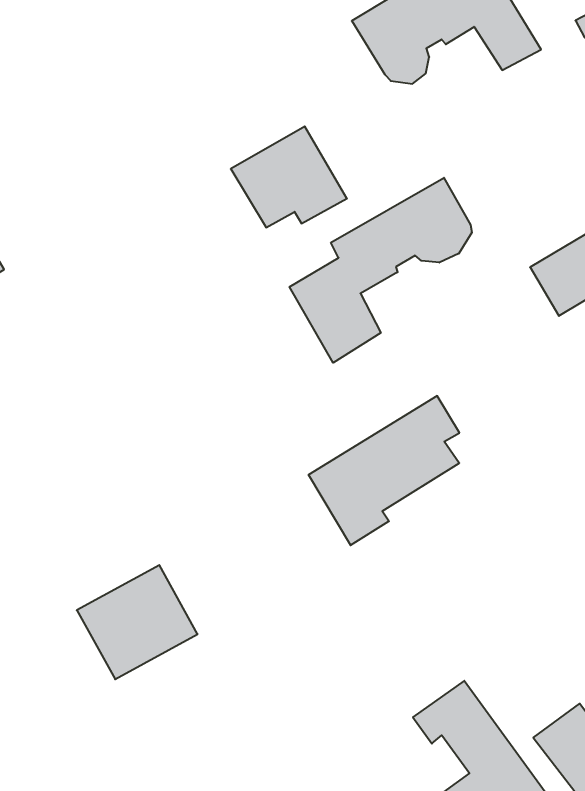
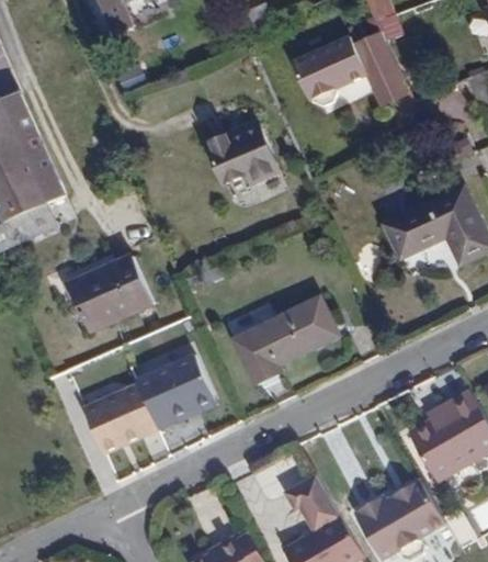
building: [290,178,472,363] -> none
building: none -> [76,259,152,330]
building: none -> [136,352,215,428]

